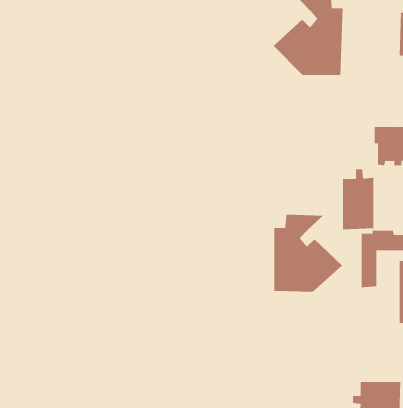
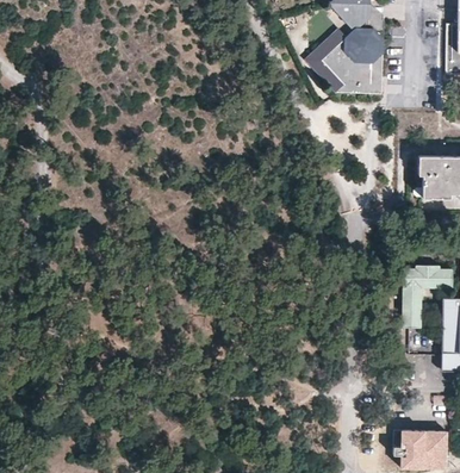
building: [342,169,374,230] -> none
building: [274,214,343,293] -> none

